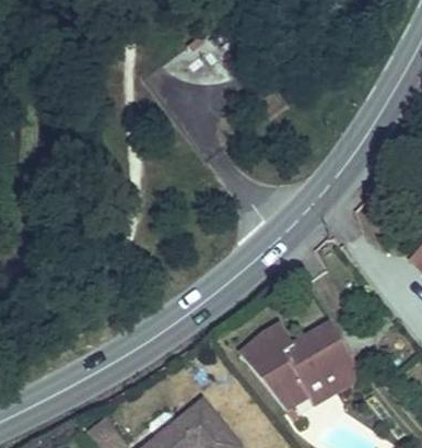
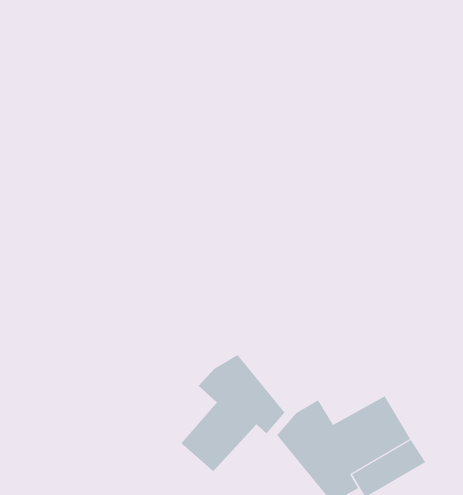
building: none -> [181,354,285,472]

